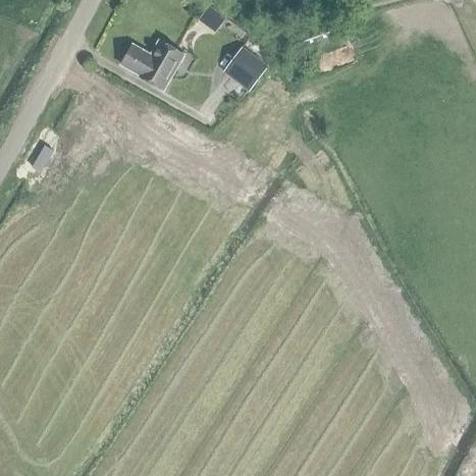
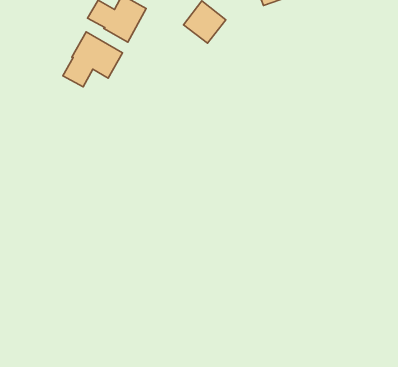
building: none -> [63,32,122,87]

